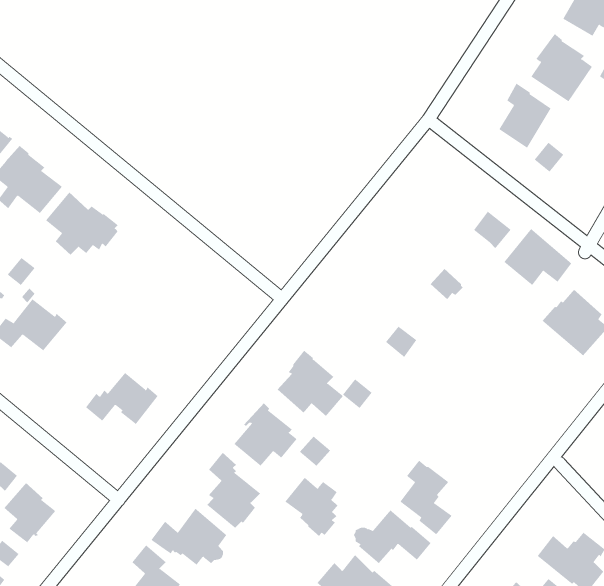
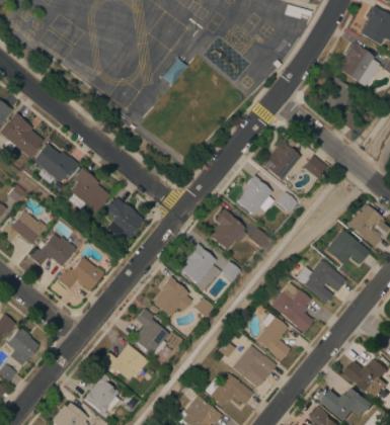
building: none -> [261,141,300,180]
building: [504,228,572,286] -> [325,229,369,265]
building: none -> [67,168,108,211]
building: none -> [235,175,271,215]
building: none -> [104,197,142,240]
building: none -> [209,208,245,250]
building: none -> [28,233,83,266]
building: none -> [295,260,346,304]
building: none -> [270,282,313,332]
building: [284,477,338,537] -> none

